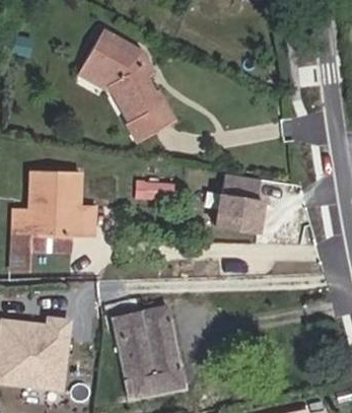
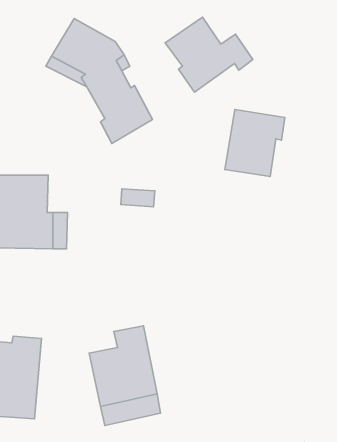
building: none -> [165,17,253,92]
building: [207,171,261,231] -> [225,110,285,176]

